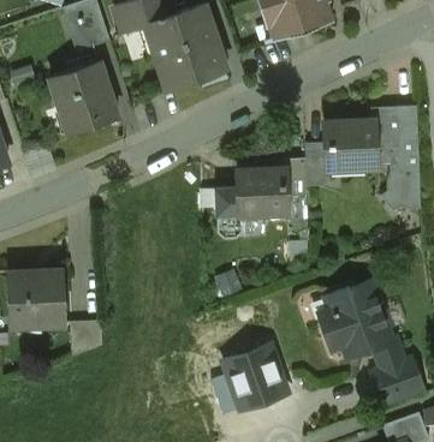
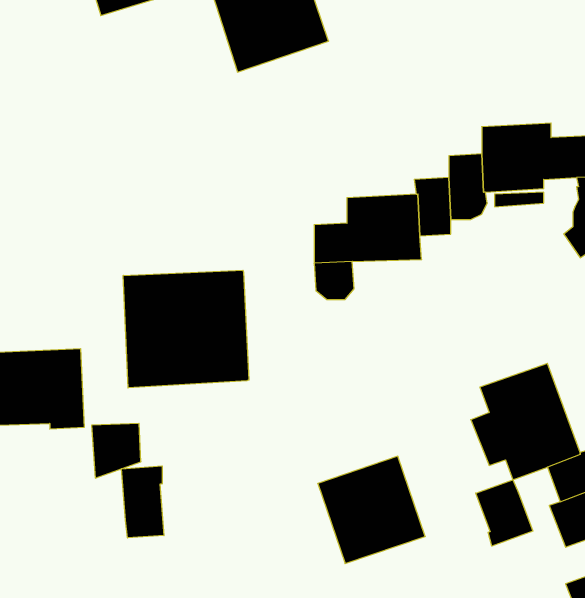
building: [50,61,118,132] -> none
building: none -> [123,270,249,388]
building: none -> [121,466,164,538]
building: none -> [476,480,533,546]

